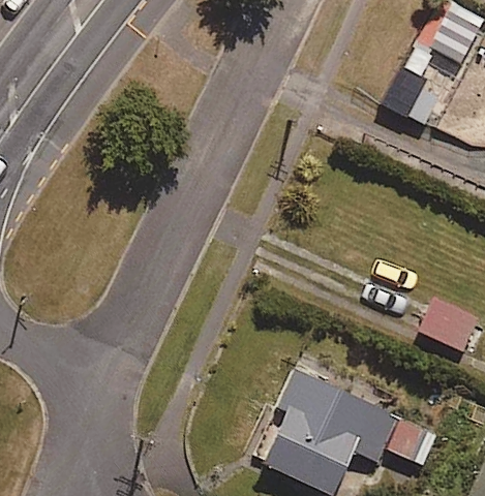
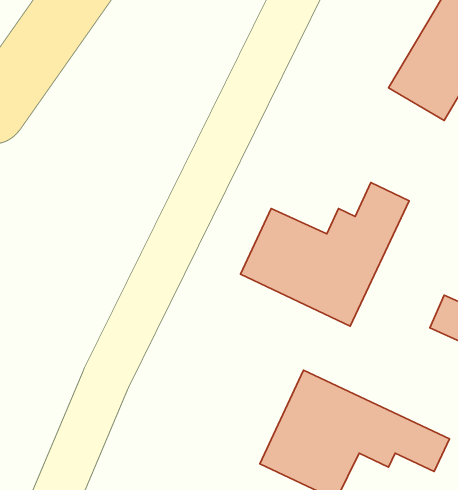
building: none -> [241,183,409,326]

